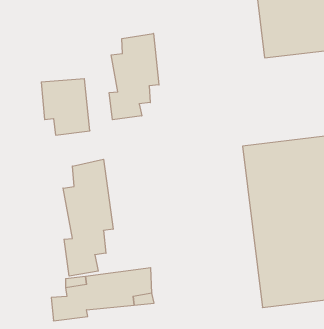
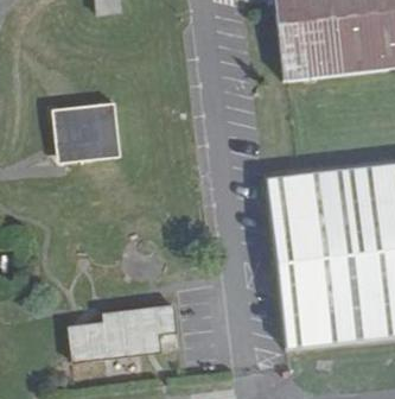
building: [109,33,159,120] -> none
building: [63,159,113,276] -> none

